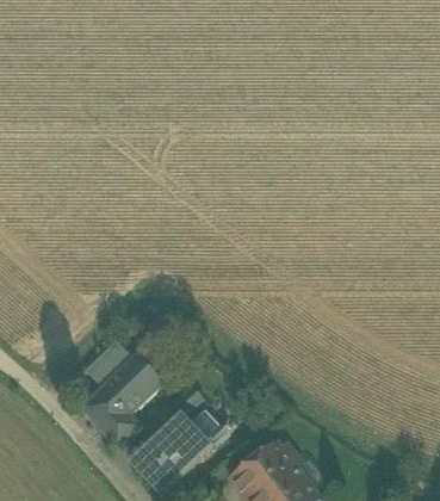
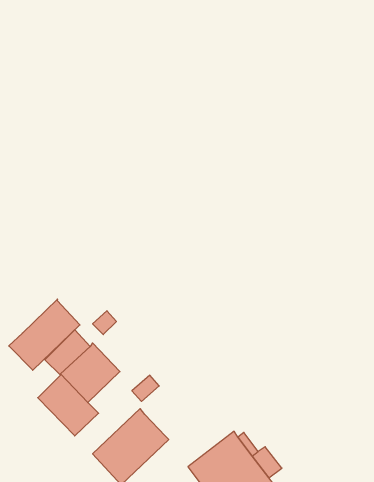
building: none -> [9,299,80,370]
building: [185,407,227,444] -> none

